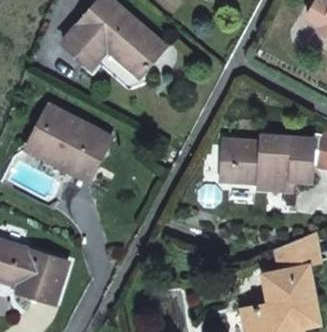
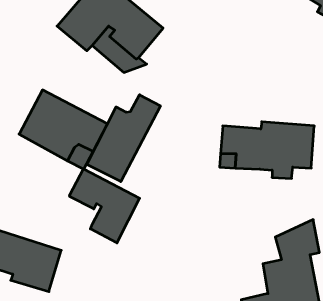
building: none -> [87,95,160,182]
building: none -> [70,169,140,243]

